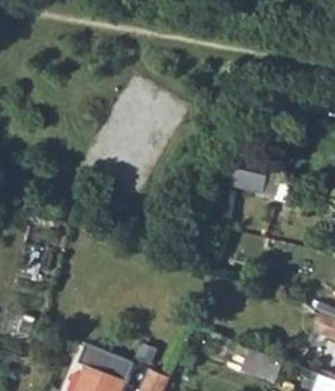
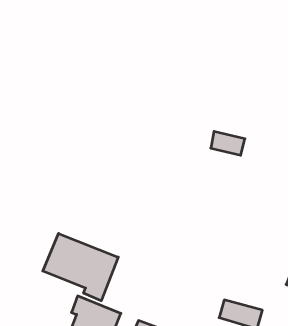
building: none -> [43,233,118,301]

